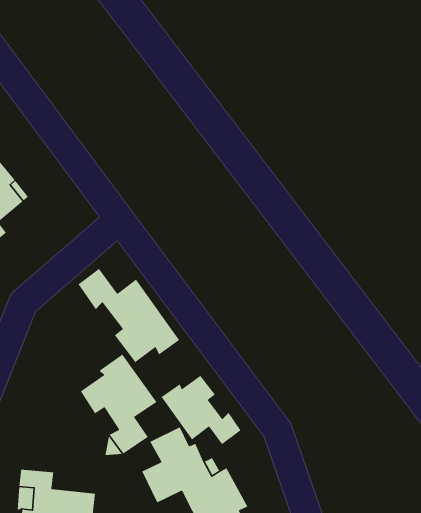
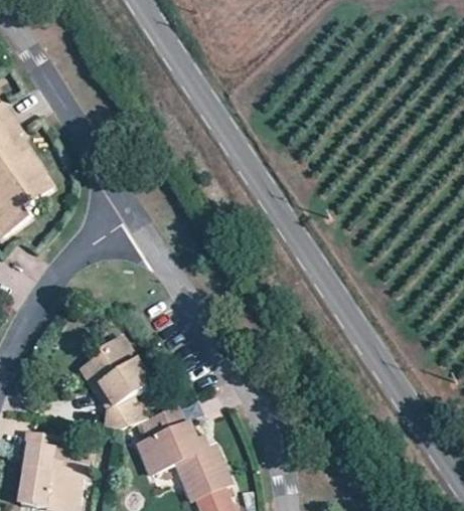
building: [77,268,180,363] -> none
building: [161,375,242,445] -> none

